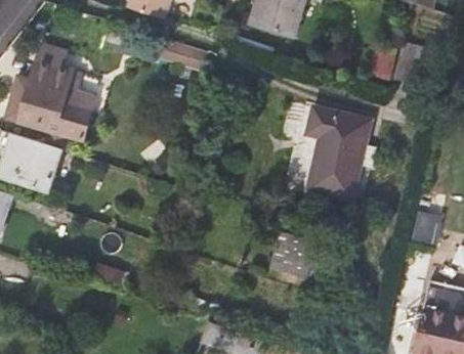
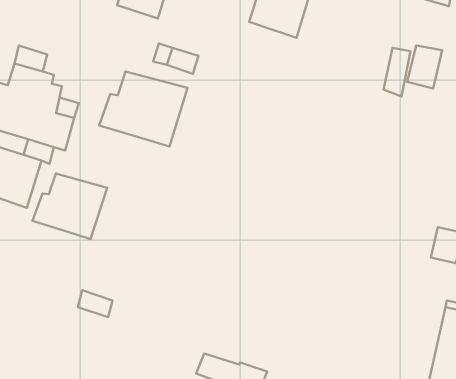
building: none -> [99,71,187,147]
building: [306,106,376,200] -> none
building: none -> [33,173,107,239]
building: [279,238,314,275] -> none

